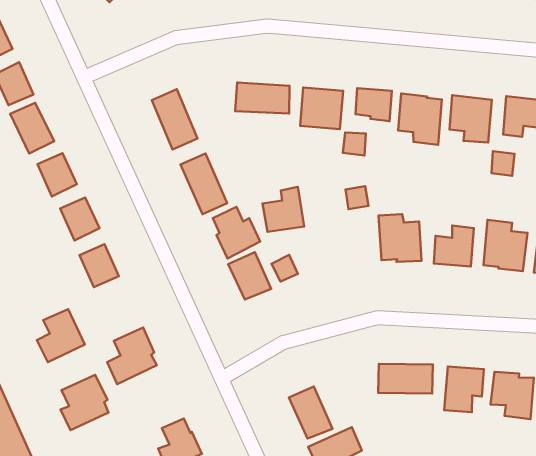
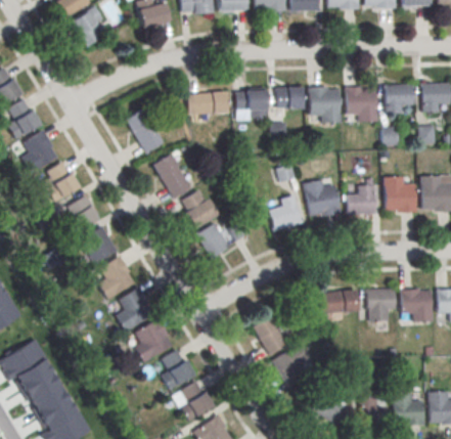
building: [262,187,304,232] -> [269,193,302,229]
building: [37,309,85,362] -> [97,258,133,299]
building: [60,375,109,430] -> [134,318,171,361]

